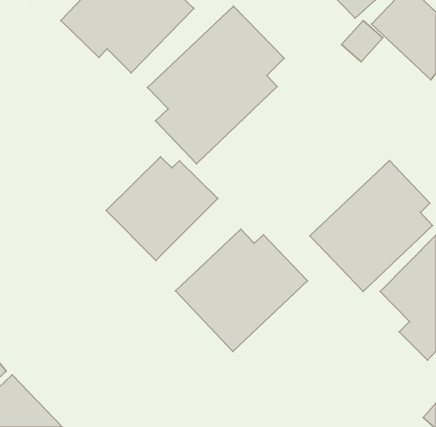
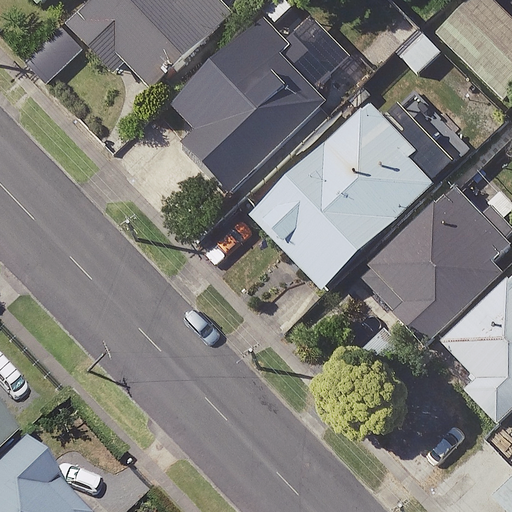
building: none -> [253,99,441,287]
building: [106,157,218,260] -> none
building: [176,229,307,352] -> none

